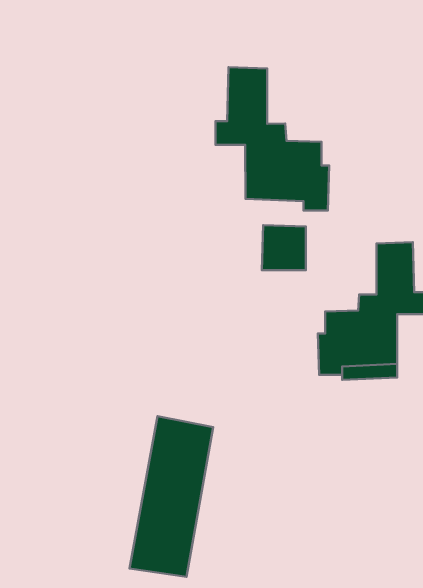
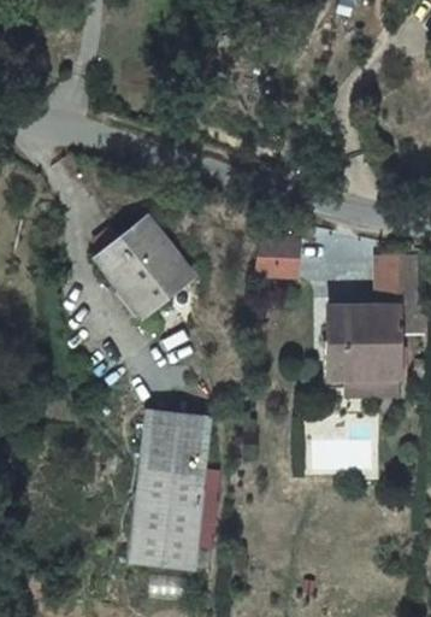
building: [216,67,329,211] -> none
building: none -> [107,227,200,321]

